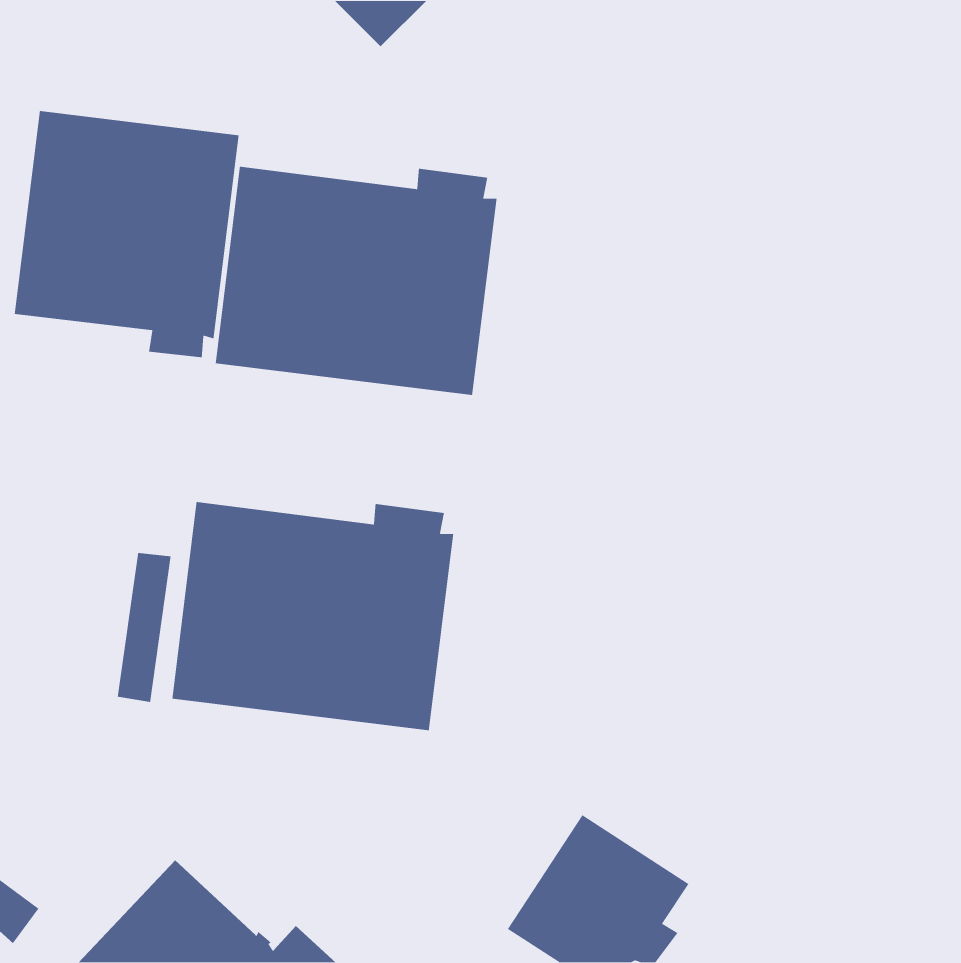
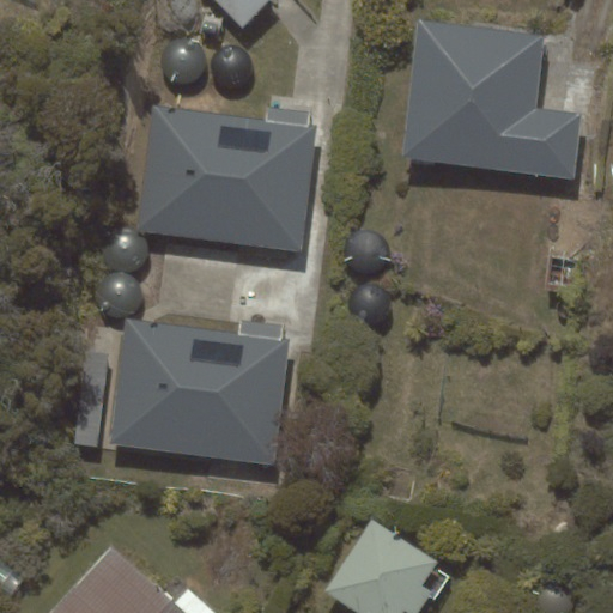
building: none -> [400,19,581,180]
building: [14,110,239,358] -> none

